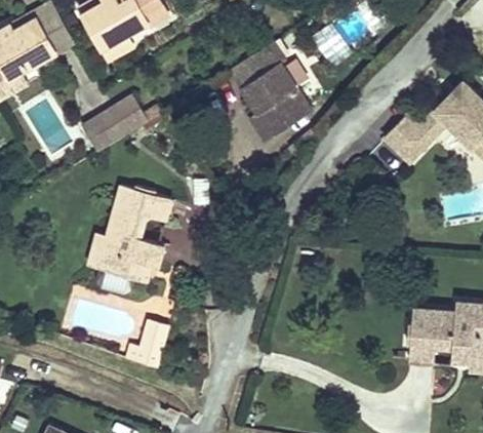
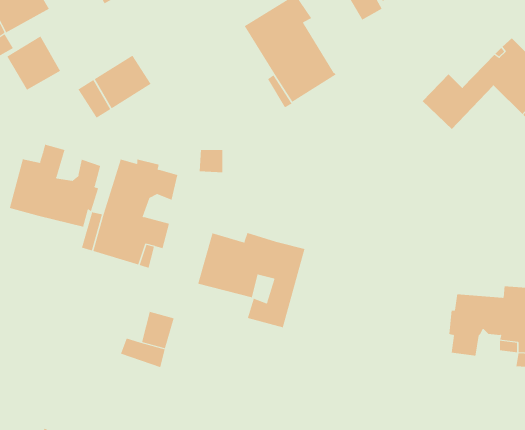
building: none -> [7,36,61,91]
building: none -> [9,144,101,227]
building: none -> [198,232,305,328]

